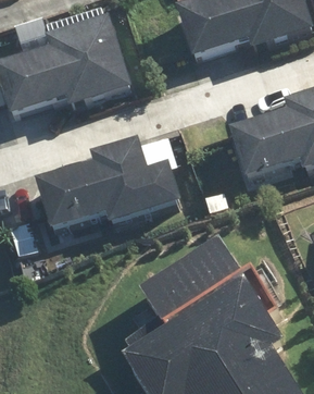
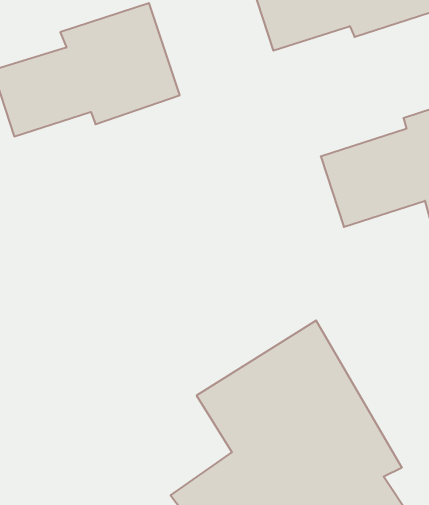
building: [36,135,181,226] -> none

